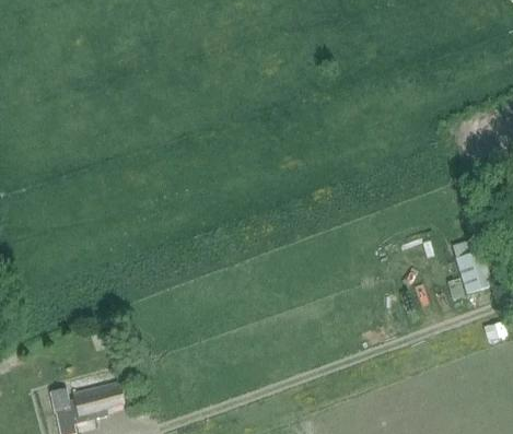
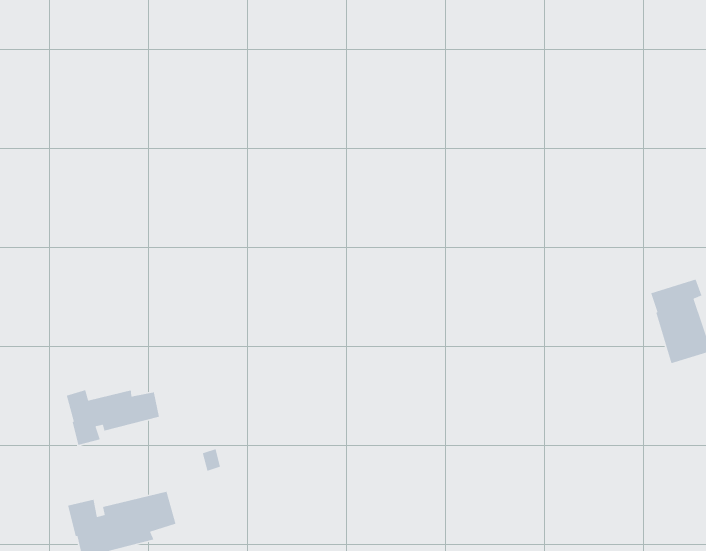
building: none -> [66,389,160,446]

